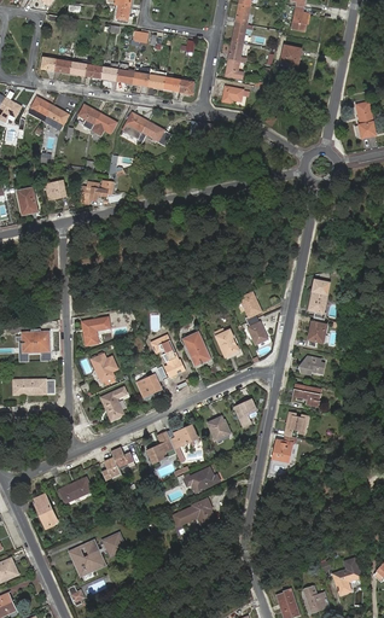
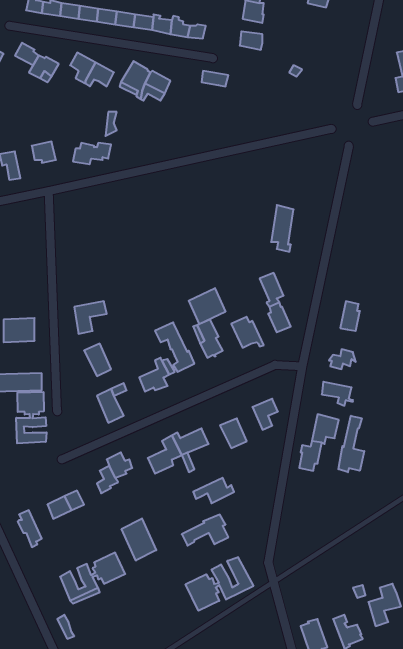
building: [309,279,328,319] -> [271,205,294,252]
building: none -> [189,288,225,324]
building: none -> [16,392,47,443]
building: none -> [338,416,364,472]
building: none -> [122,518,156,561]
building: none -> [186,557,253,611]

